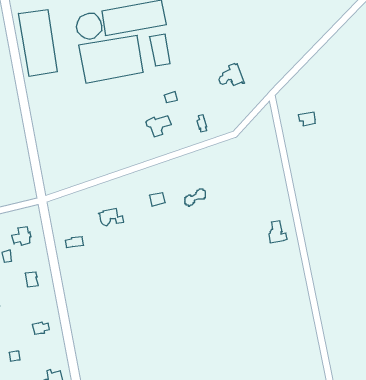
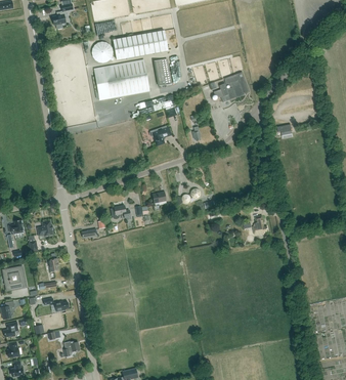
building: [19,10,57,76] -> none
building: none -> [224,72,249,100]

